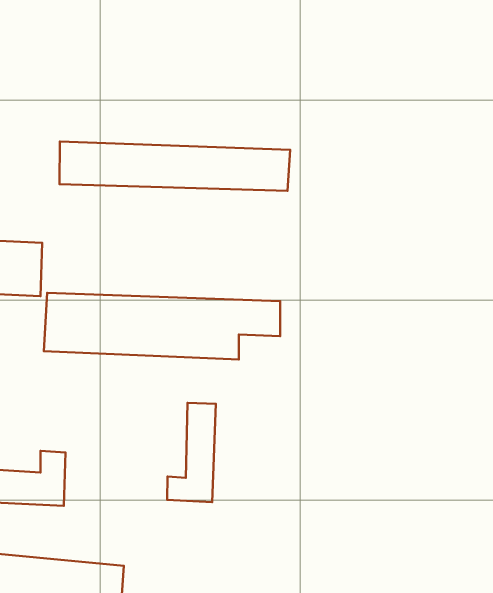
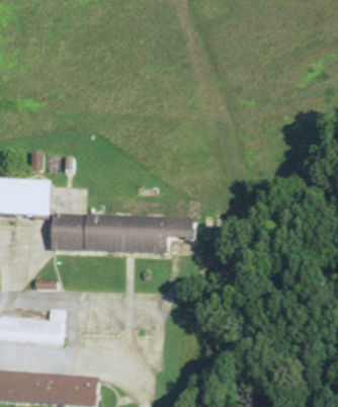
building: [59,142,290,191] -> none
building: [167,403,216,502] -> none

